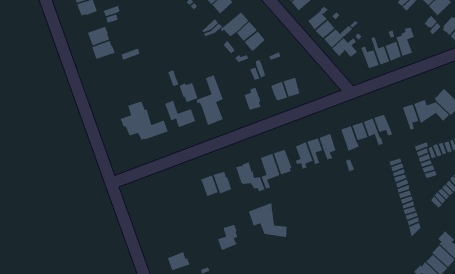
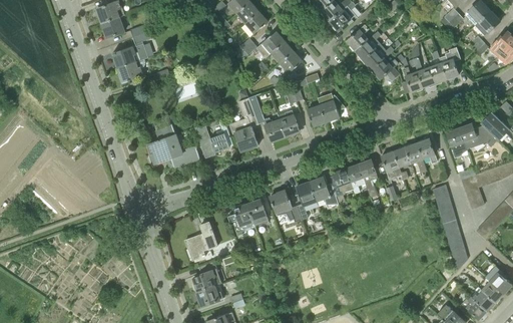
building: [167,69,198,103] -> [251,104,285,140]
building: none -> [184,222,217,259]
building: [248,202,288,238] -> none
building: [217,224,238,251] -> [192,262,215,291]

